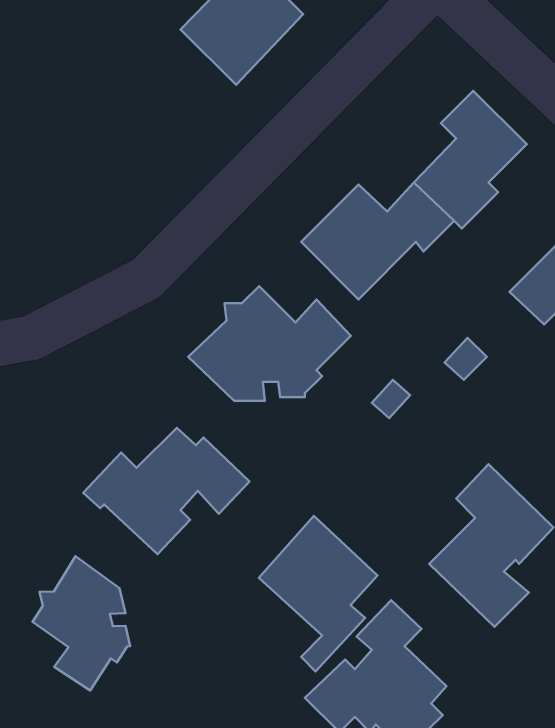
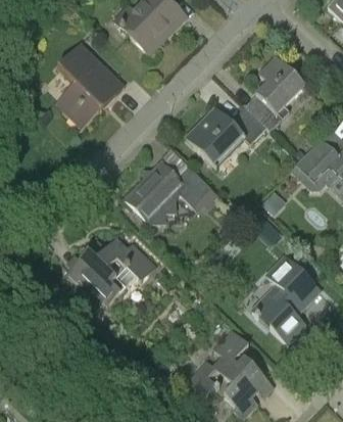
building: none -> [50,42,126,133]
building: [259,516,377,672] -> none
building: [33,556,130,691] -> none

